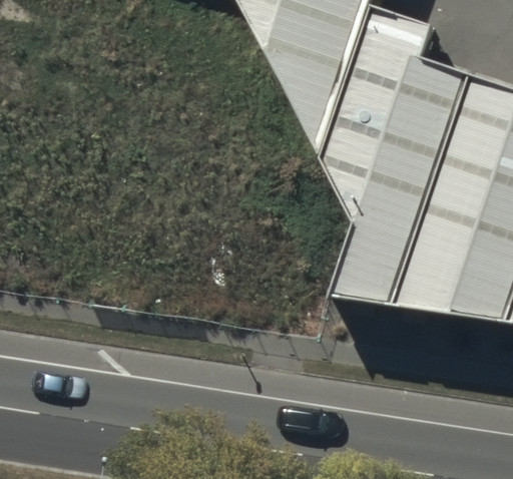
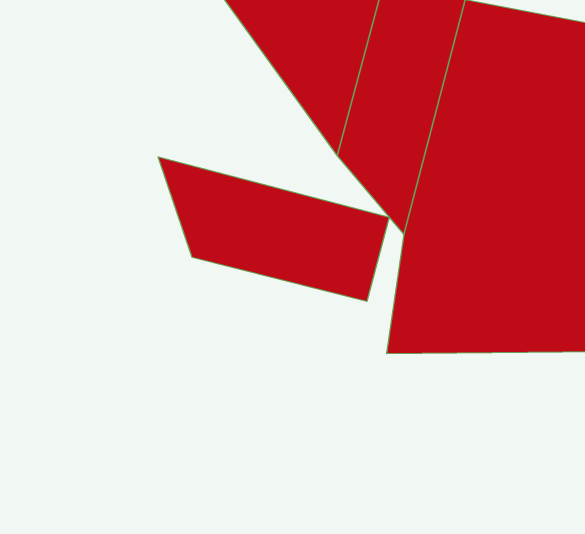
building: none -> [158,157,389,301]

